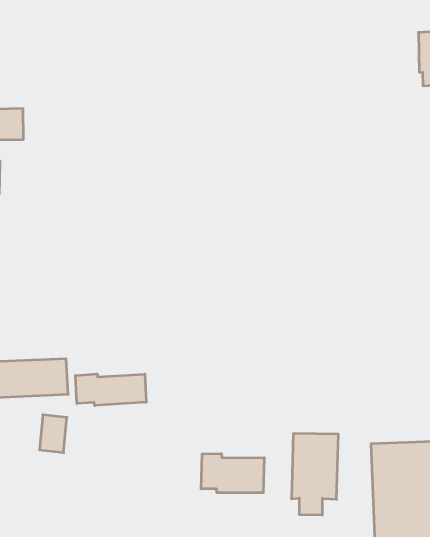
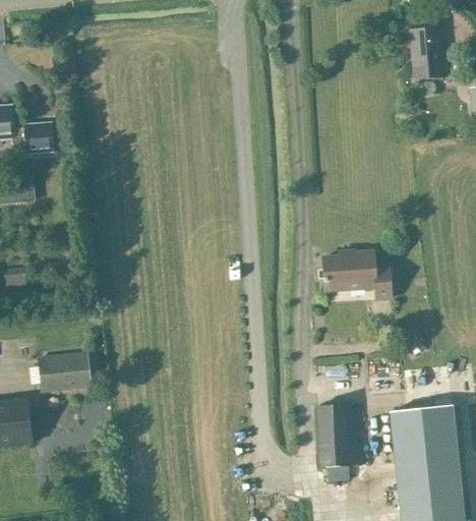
building: none -> [321,252,391,299]
building: [76,374,146,406] -> none
building: [201,454,264,493] -> none

